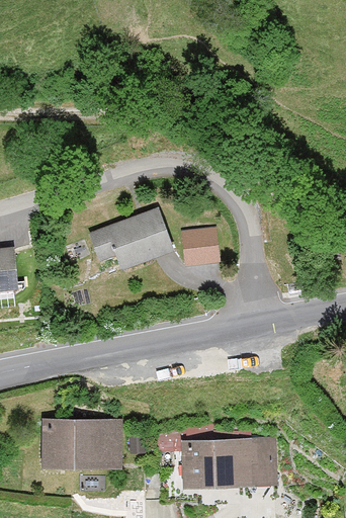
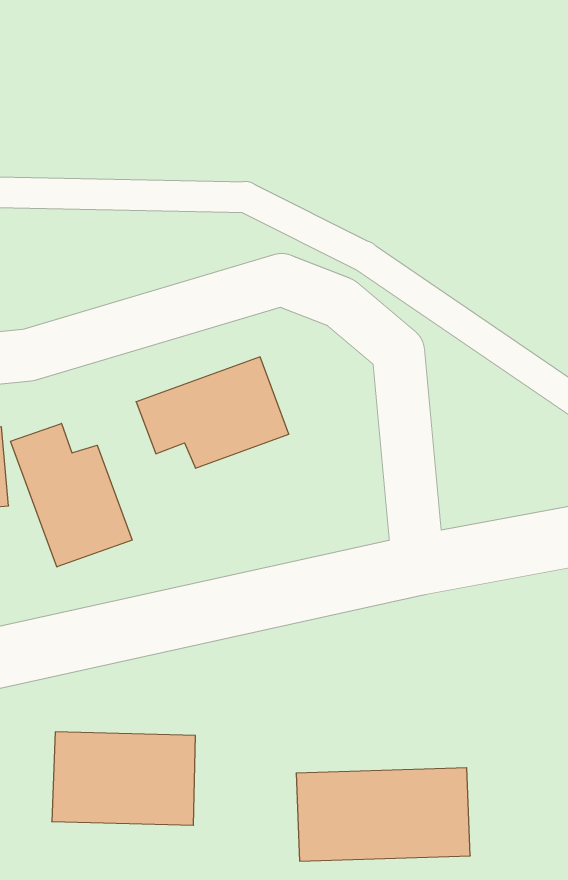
building: [181,227,220,264] -> none
building: none -> [11,423,132,567]

